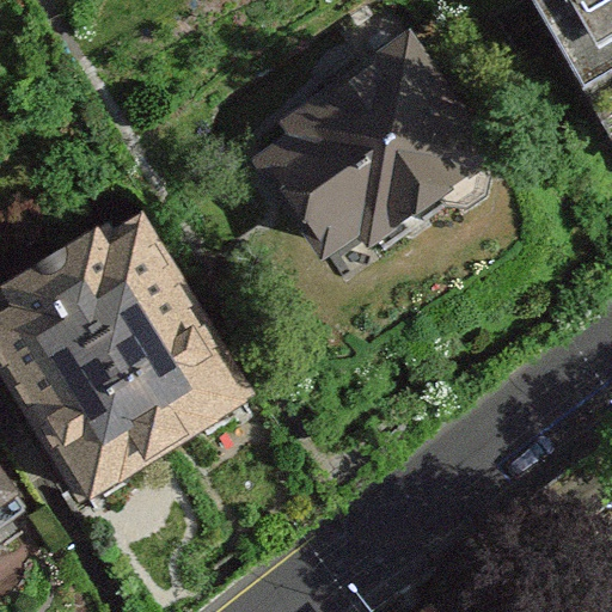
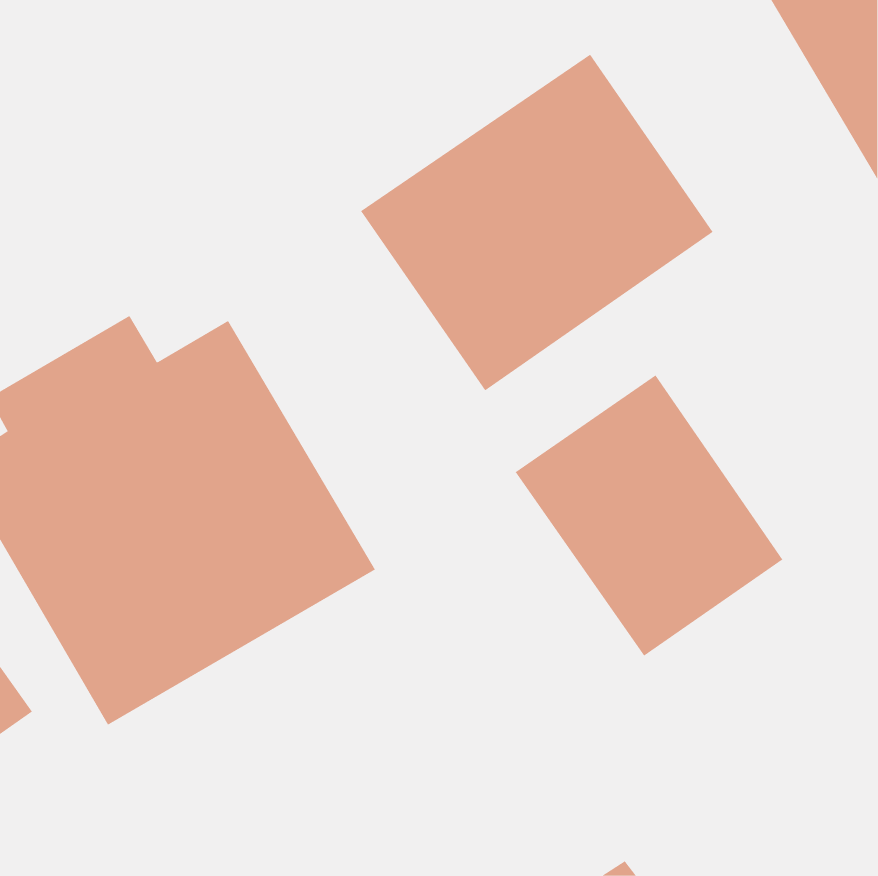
building: none -> [515,374,783,656]

